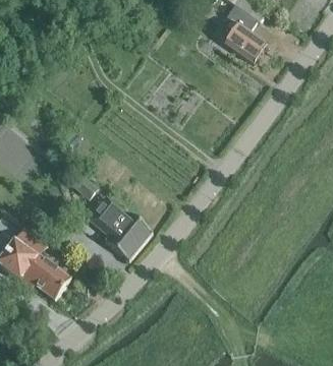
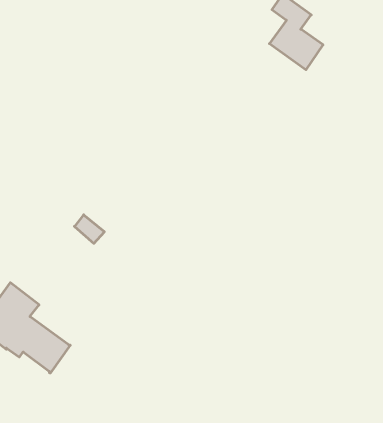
building: [88,196,152,259] -> none

